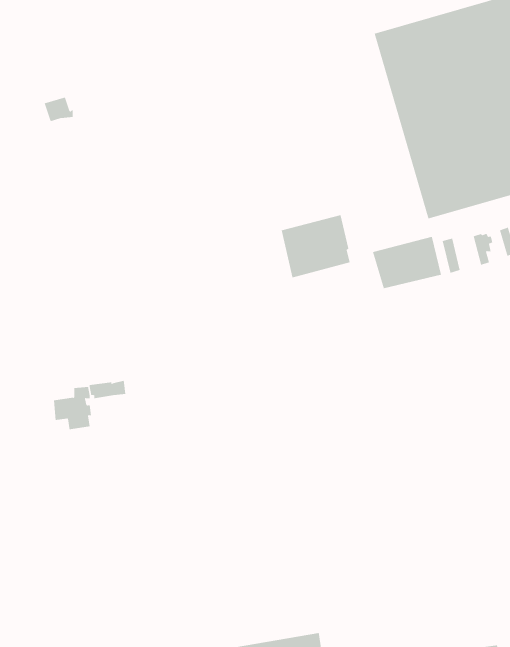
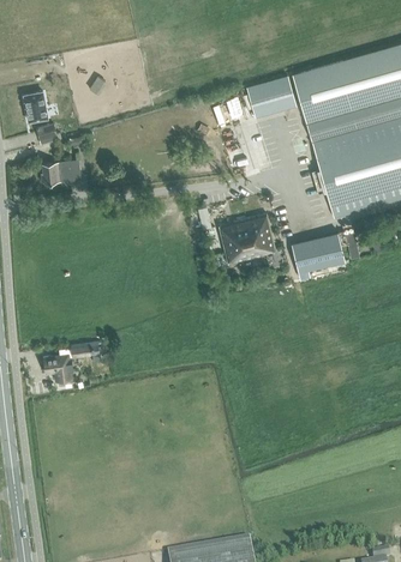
building: none -> [246,75,295,117]
building: none -> [23,92,47,121]
building: none -> [40,159,80,186]

